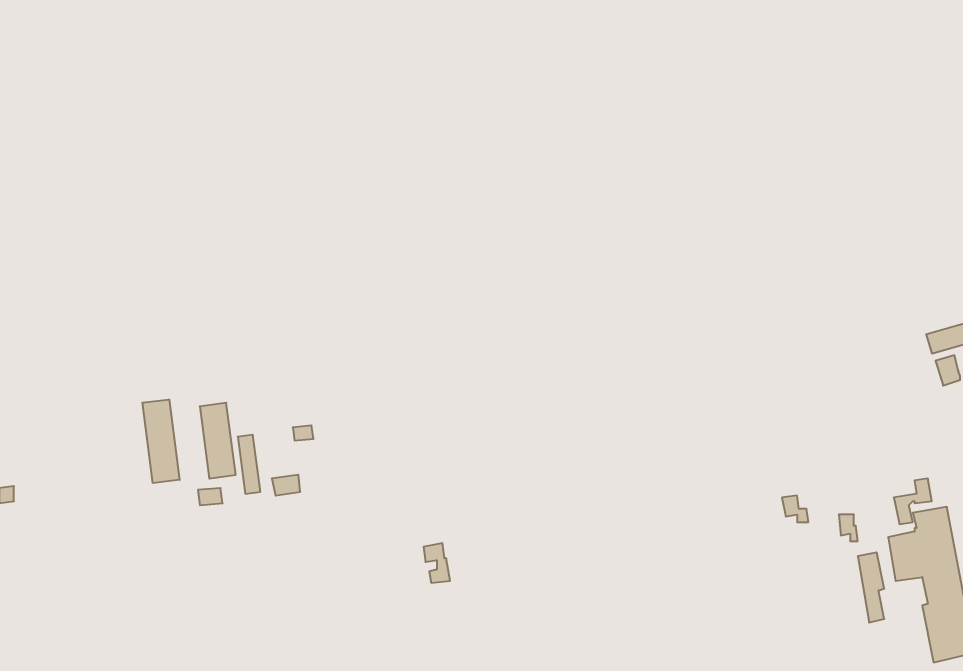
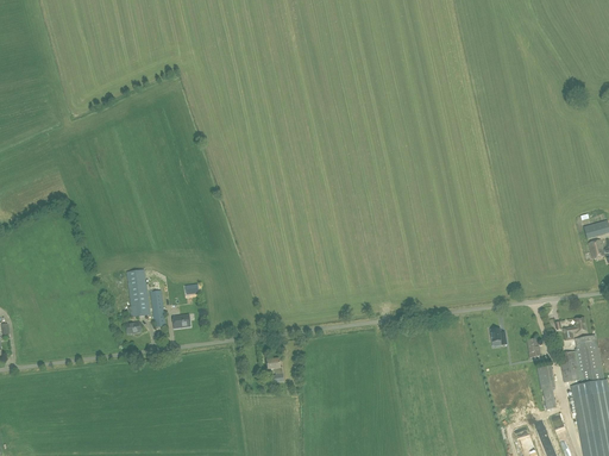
building: [142,399,180,483] -> none

